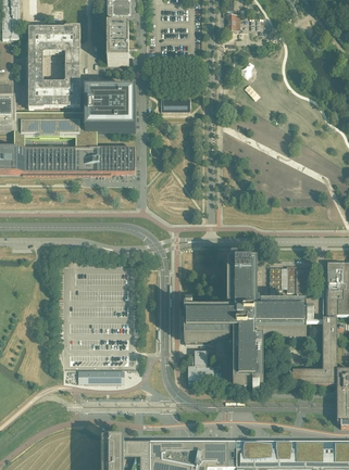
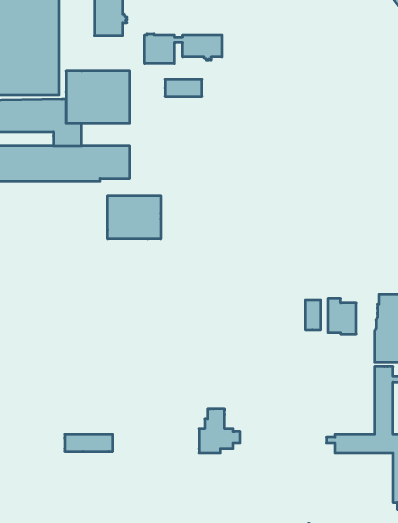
building: none -> [145,34,222,64]
building: none -> [108,196,161,239]
building: [184,262,304,382] -> none

